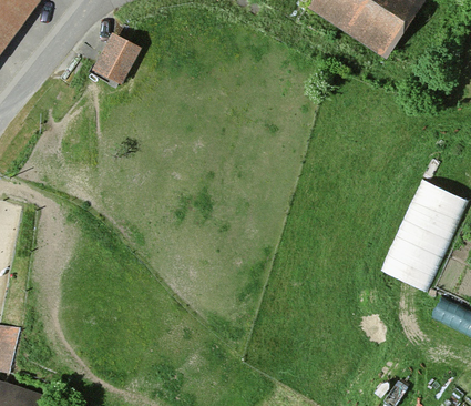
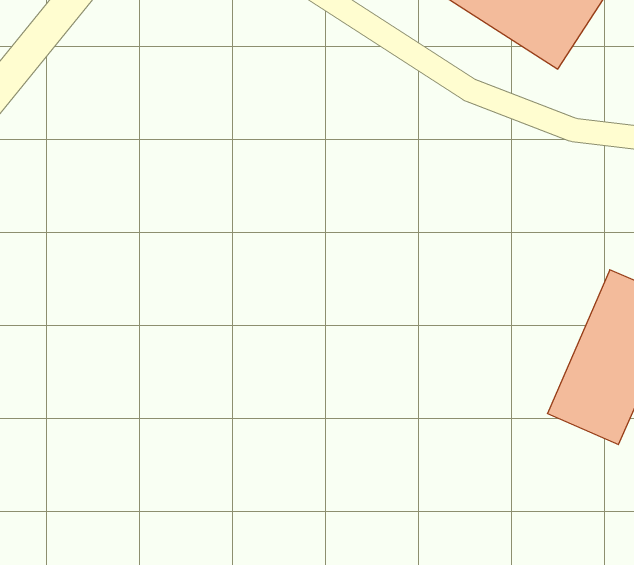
building: [90,30,141,84] -> none

